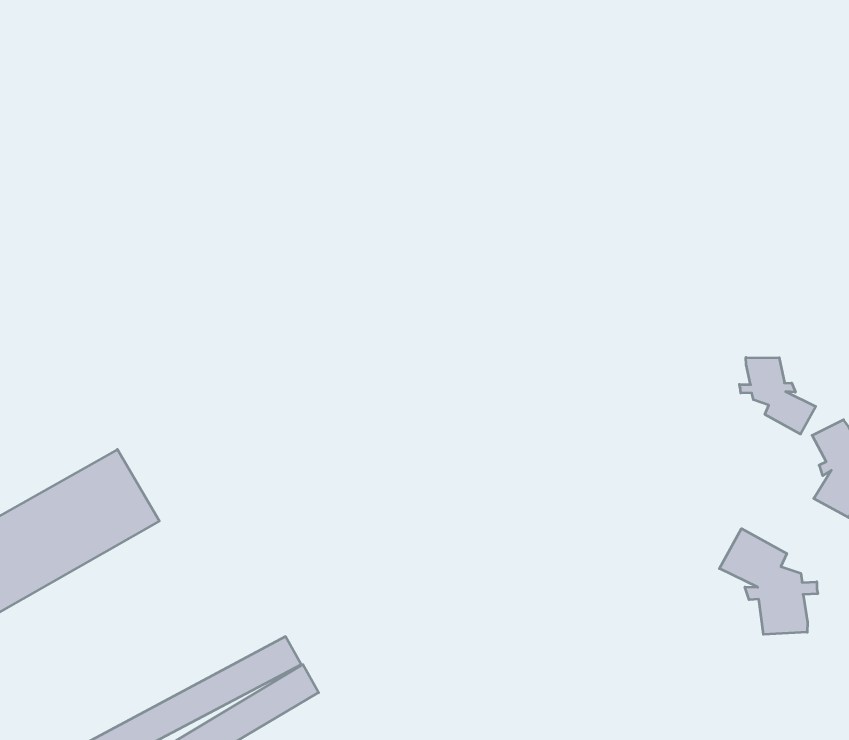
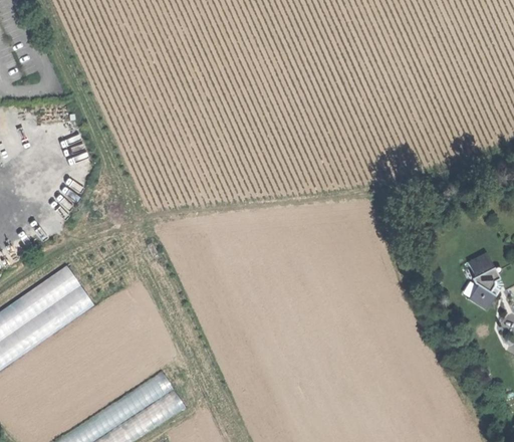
building: [739,357,816,434] -> none
building: [719,529,818,634] -> none

